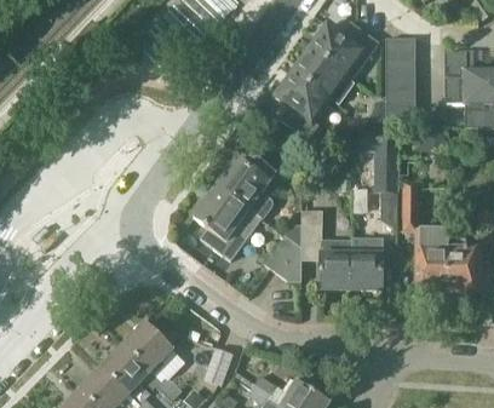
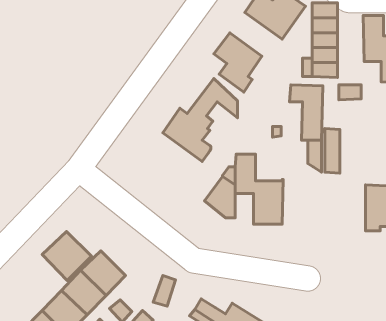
building: [293,48,352,98] -> none
building: [194,185,262,260] -> none
building: [415,228,447,297] -> none
building: [352,239,383,291] -> none
building: none -> [42,231,91,281]

